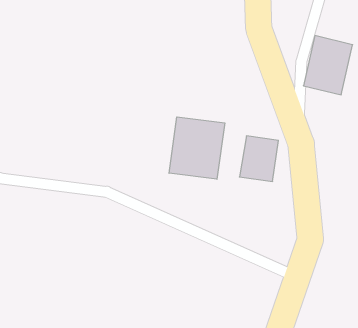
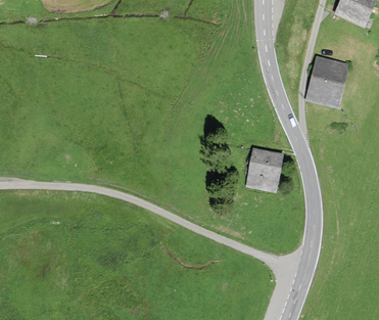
building: [169,117,225,179] -> none

